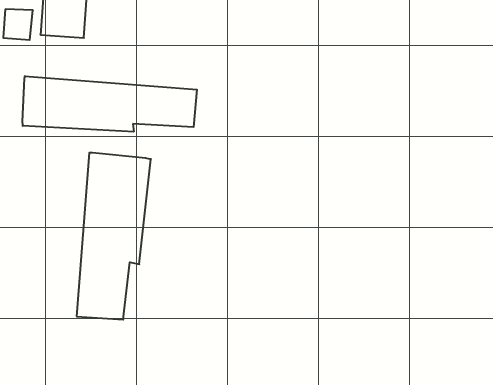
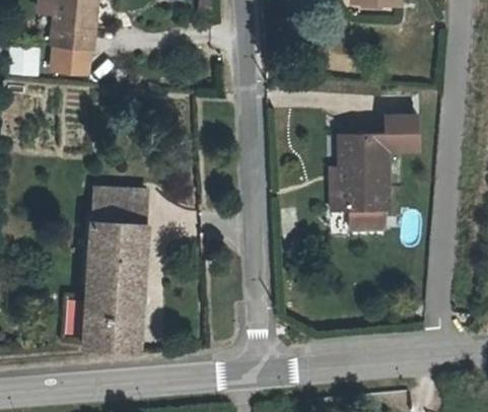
building: [22,76,197,132] -> none
building: none -> [325,118,424,213]

